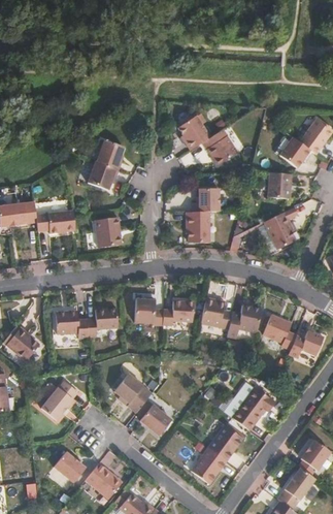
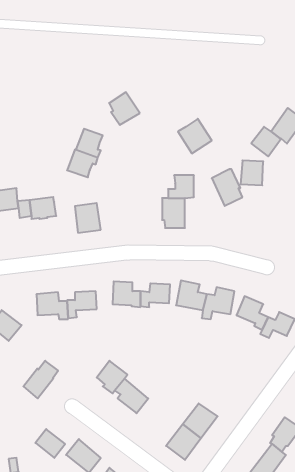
building: [178,116,210,150] -> [109,92,140,125]
building: [264,212,296,250] -> [212,169,242,206]
building: [232,387,273,430] -> none

